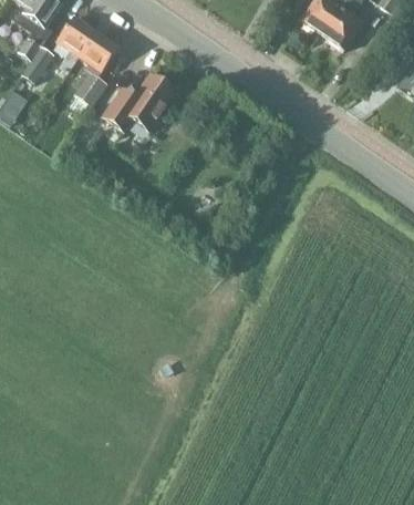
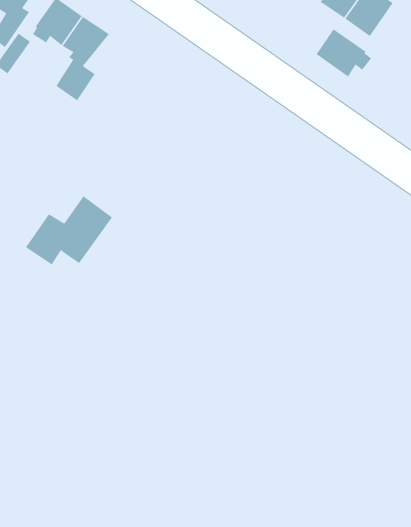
building: none -> [316,29,372,77]
building: [102,71,177,131] -> [25,196,113,265]

